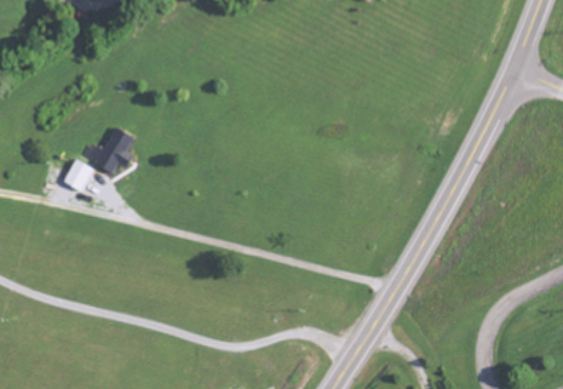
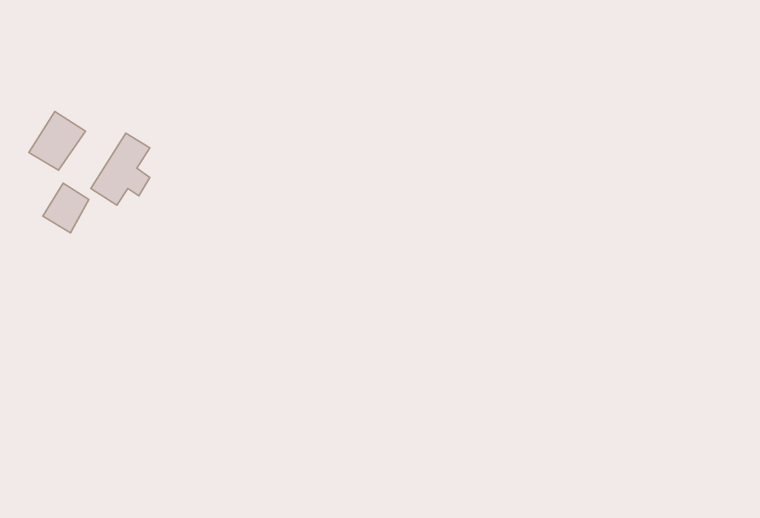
building: none -> [29,111,85,170]

